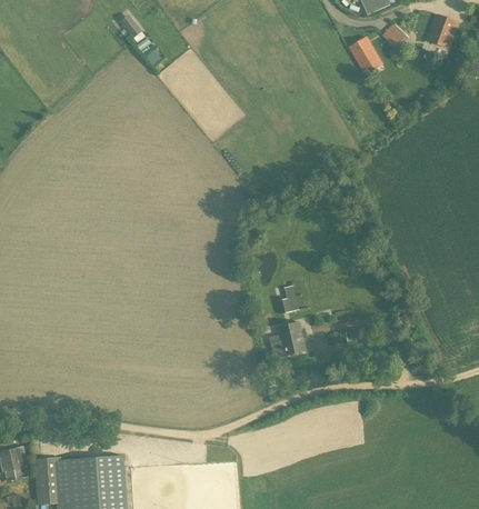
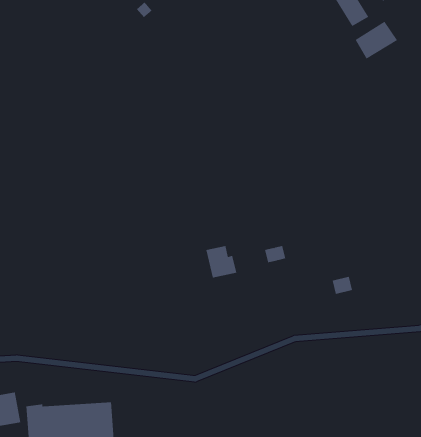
building: none -> [355,21,398,60]
building: [278,321,310,355] -> [205,245,237,278]

